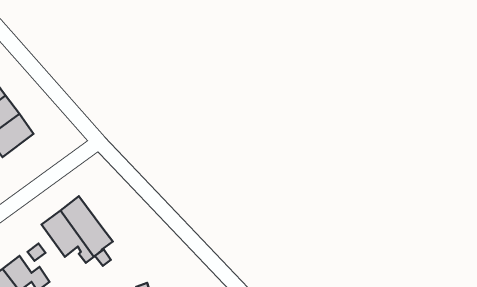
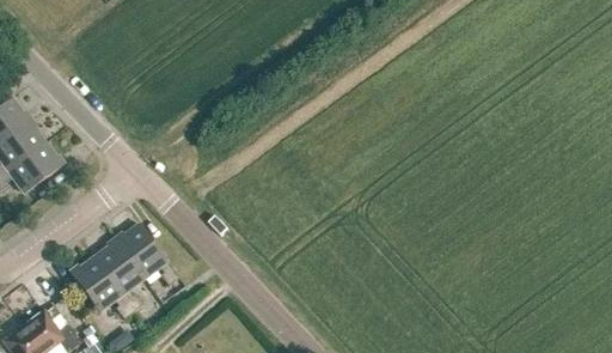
building: none -> [115,223,178,285]

